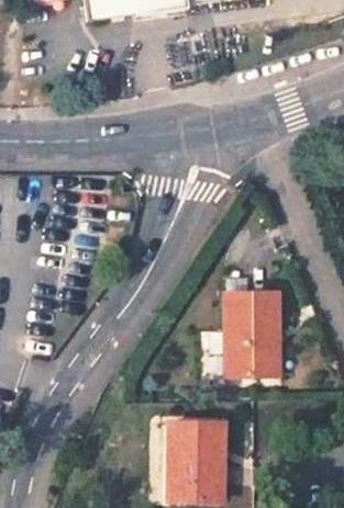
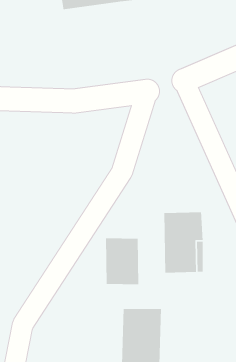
building: none -> [105,238,139,285]

